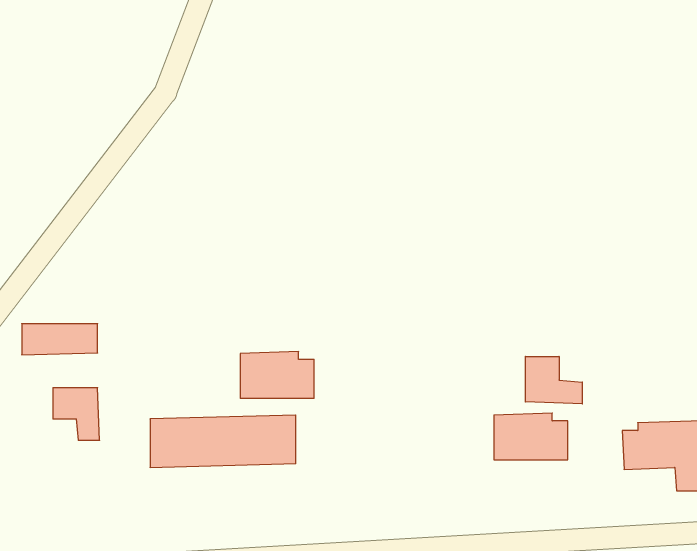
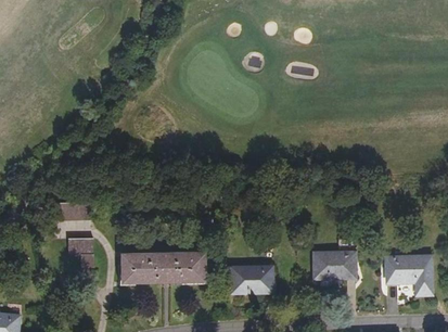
building: [240,352,314,398] -> [231,266,272,292]
building: [525,356,582,404] -> none

